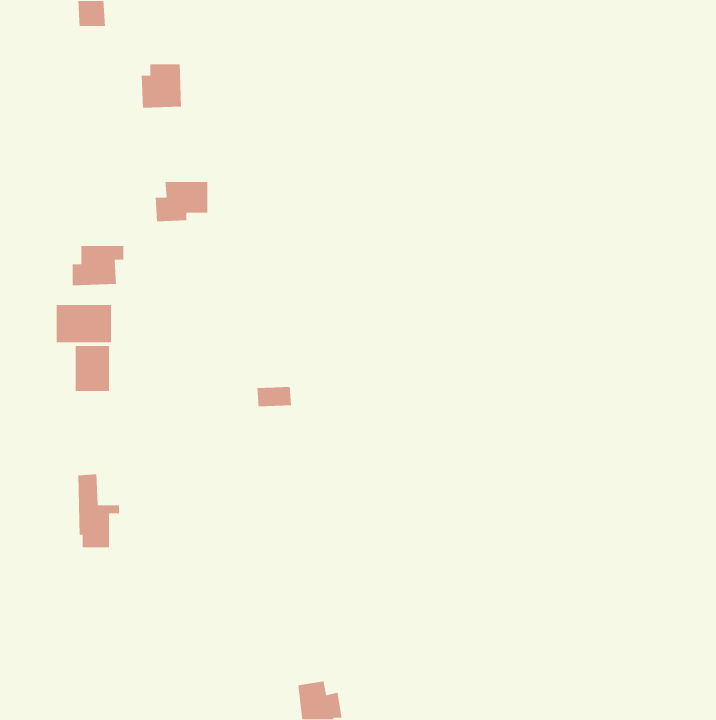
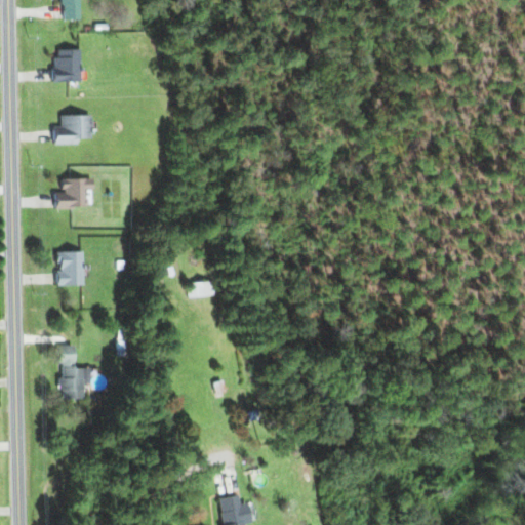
building: [141,63,182,109] -> [52,49,82,82]
building: [155,181,208,222] -> [53,115,92,145]
building: [56,304,112,343] -> none

